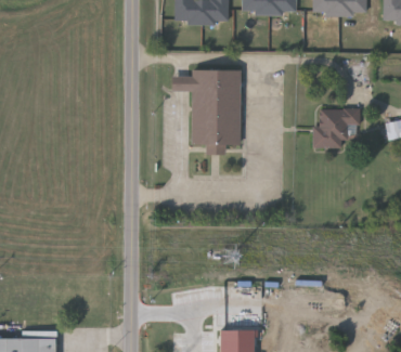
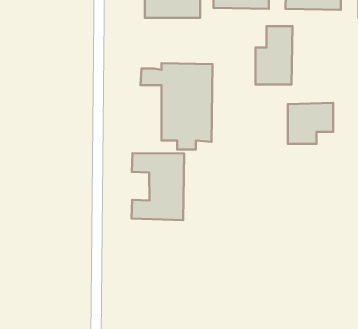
building: none -> [255,26,292,85]
building: none -> [132,153,184,220]

